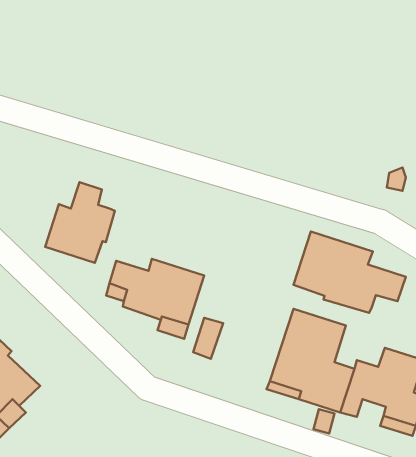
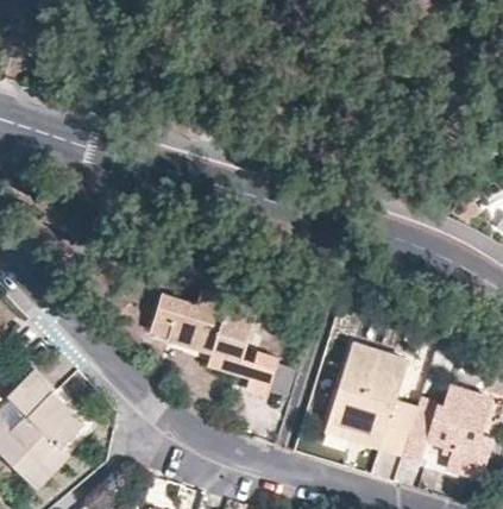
building: [45,182,115,263] -> none
building: [293,231,406,313] -> none

